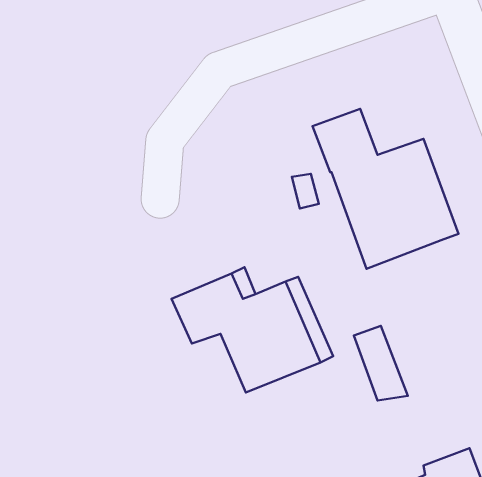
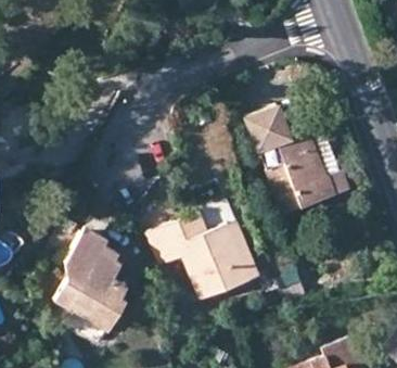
building: none -> [54,228,125,345]

